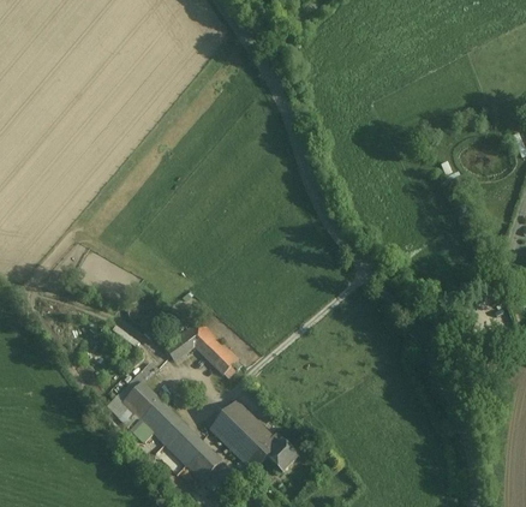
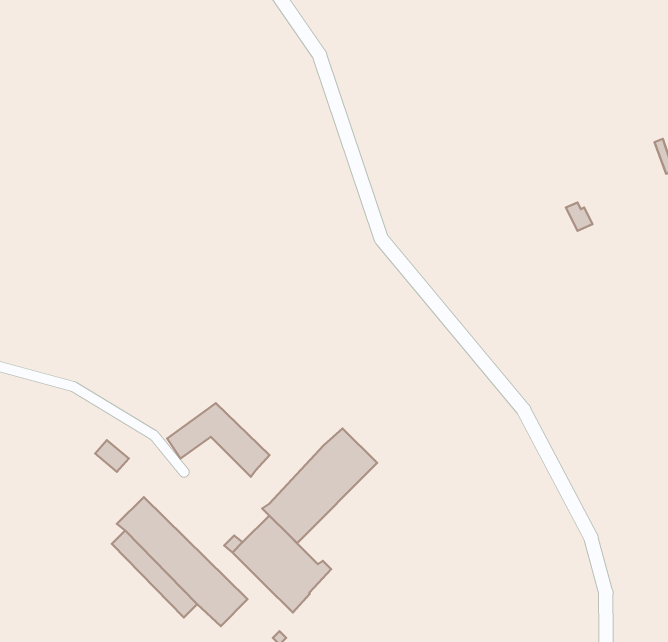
building: none -> [262,428,377,543]
building: [267,439,299,471] -> none

